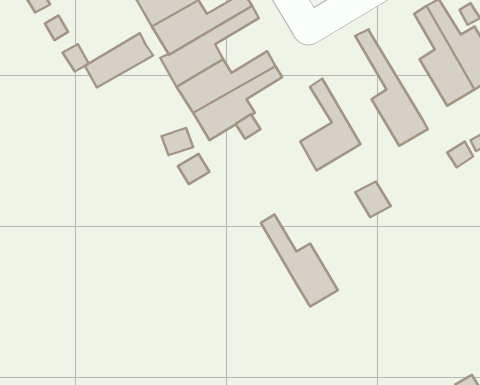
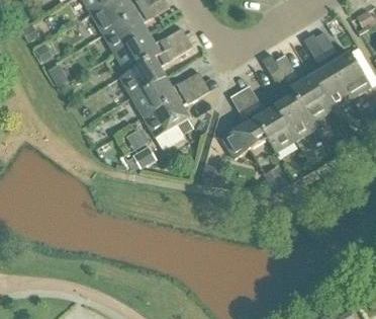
building: none -> [276,54,331,121]
building: [85,33,153,87] -> none
building: [261,215,338,306] -> [239,84,295,152]

